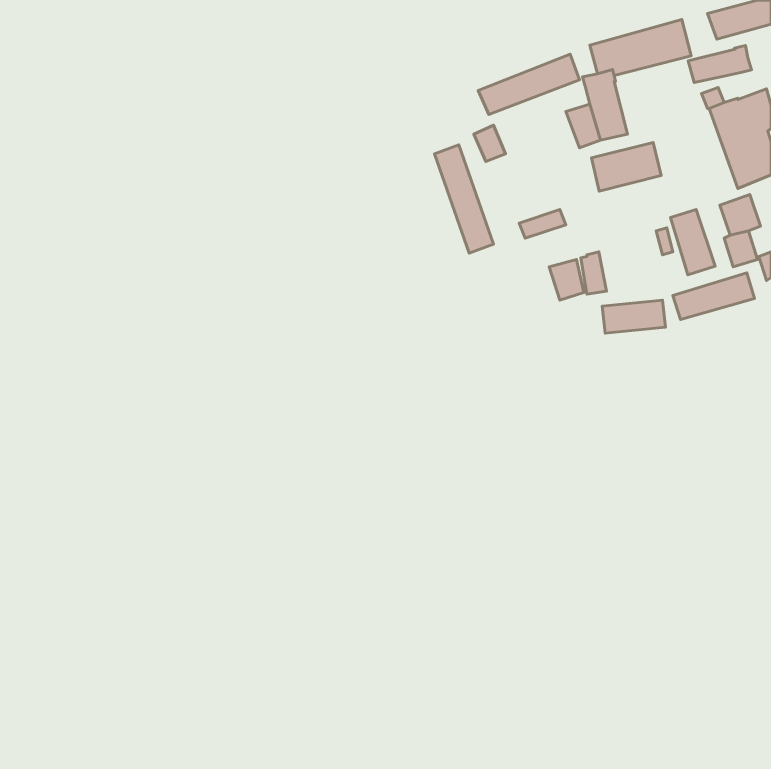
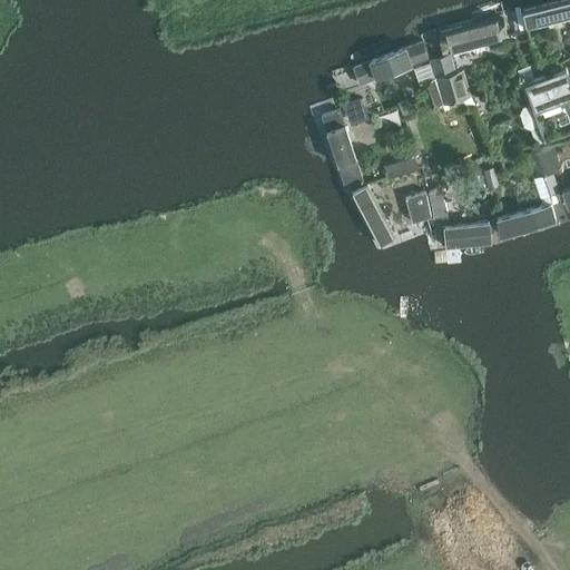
building: [688,45,752,83] -> none
building: [591,143,661,191] -> none
building: [670,210,715,275] -> none
building: none -> [351,185,395,246]

